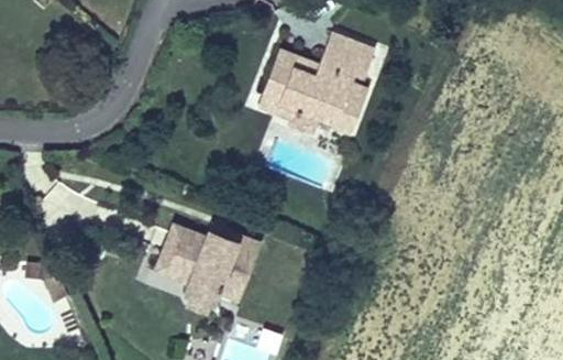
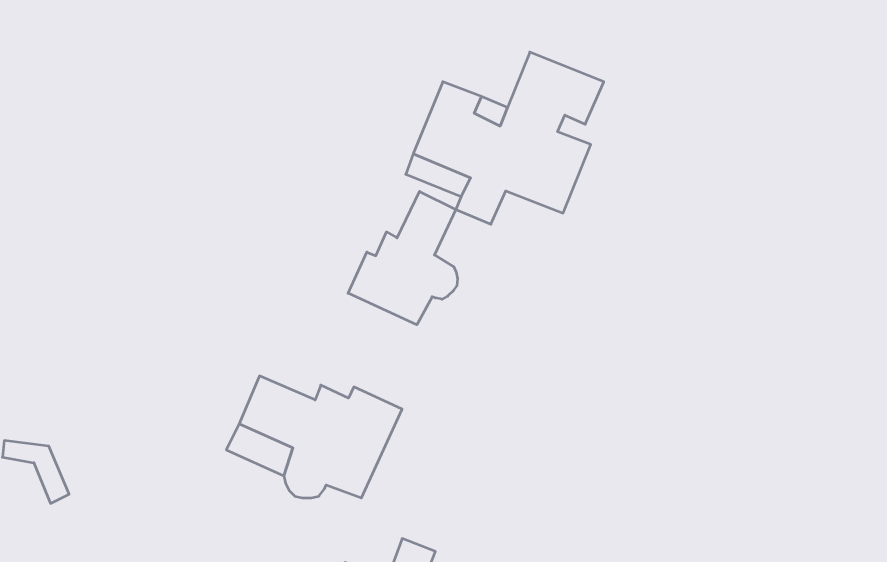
building: none -> [348,191,458,325]

